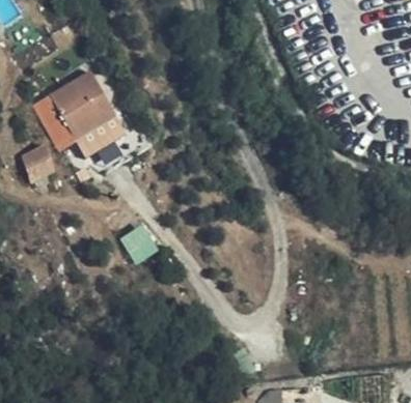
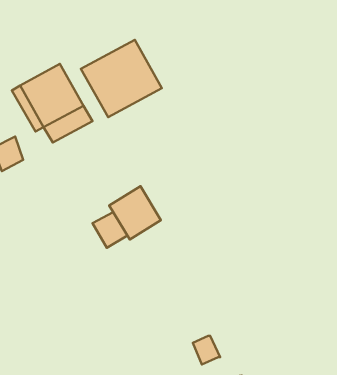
building: none -> [81,40,162,117]
building: none -> [109,186,161,240]

